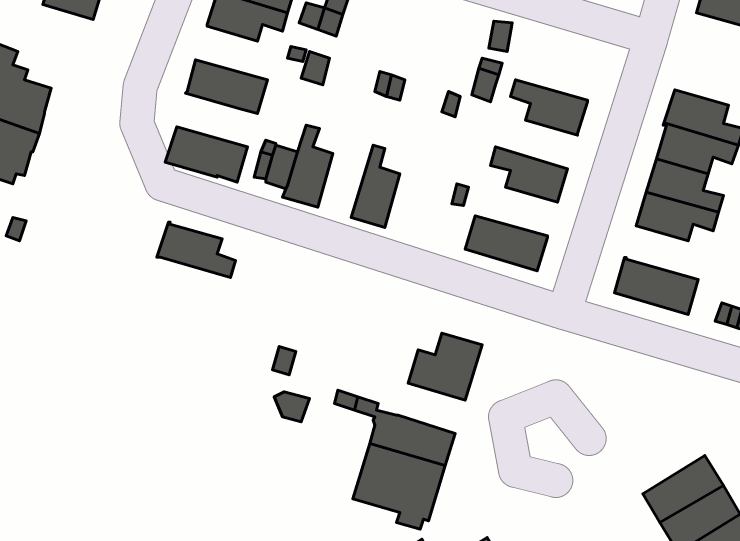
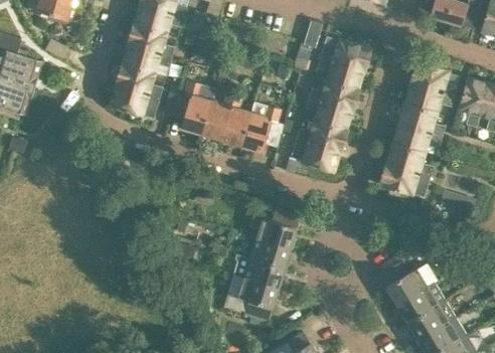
building: none -> [127,22,174,56]
building: none -> [320,39,370,70]
building: none -> [308,80,358,111]
building: none -> [201,94,234,139]
building: none -> [241,106,275,151]
building: none -> [296,121,347,151]
building: [157,222,236,277] -> [115,63,162,97]
building: none -> [386,144,433,176]
building: none -> [250,238,290,269]
building: none -> [378,261,436,305]

